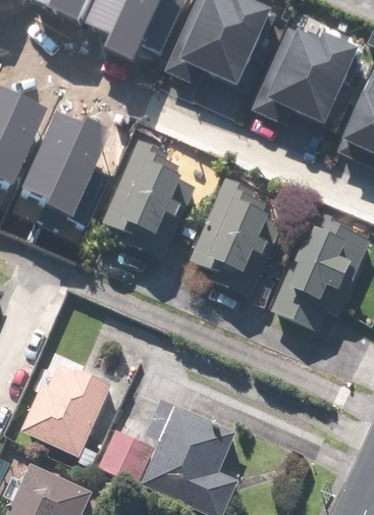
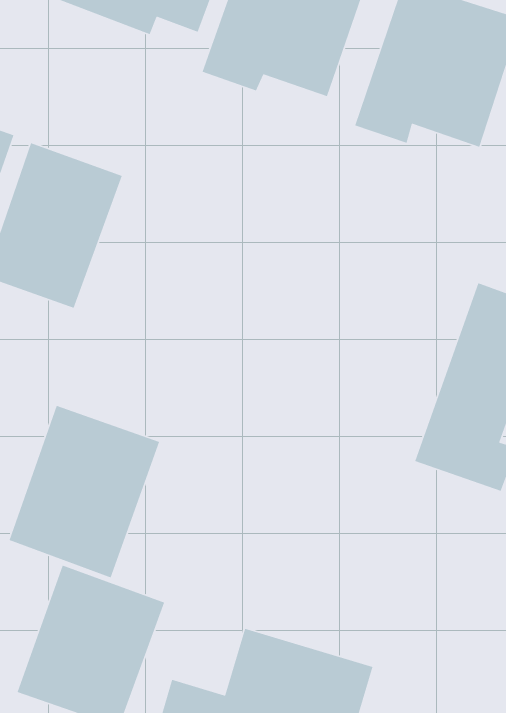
building: [99,142,189,264] -> none
building: [189,175,272,302] -> none
building: none -> [9,405,160,578]

